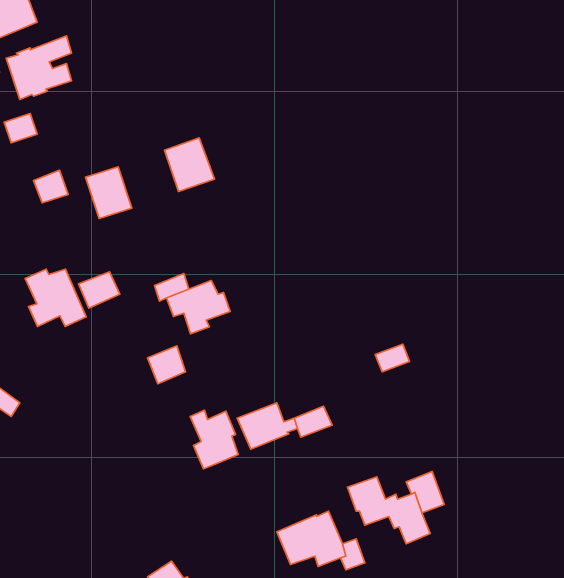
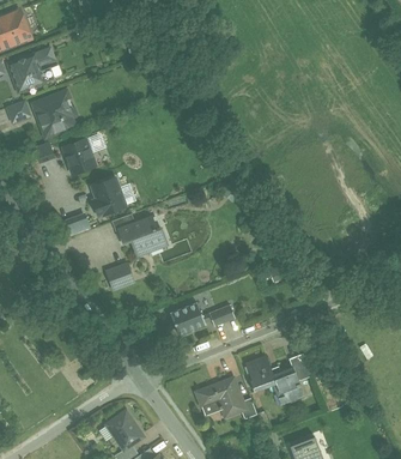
building: none -> [34,91,74,135]
building: [165,138,215,191] -> [92,176,127,213]
building: [25,269,86,326] -> none
building: [190,410,238,469] -> none

